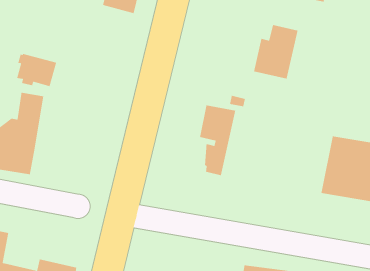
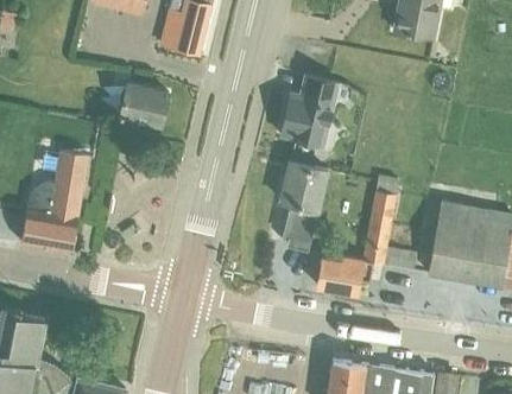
building: [253,24,299,79] -> [280,78,336,146]
building: [16,53,57,87] -> [118,84,167,126]
building: none -> [317,178,417,294]

